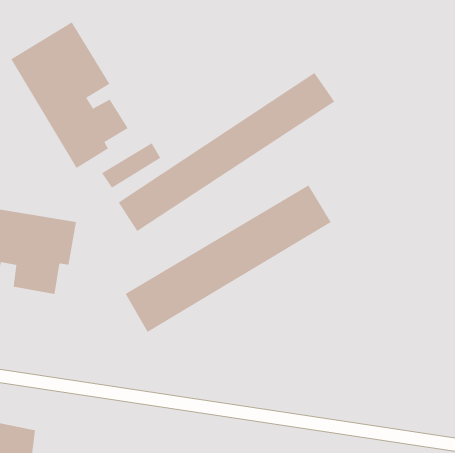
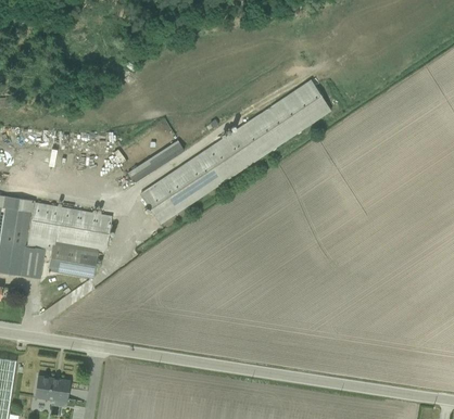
building: [10,21,128,169] -> none
building: [125,184,332,333] -> none

